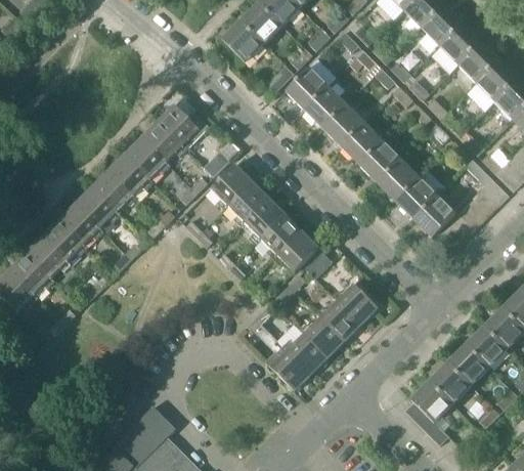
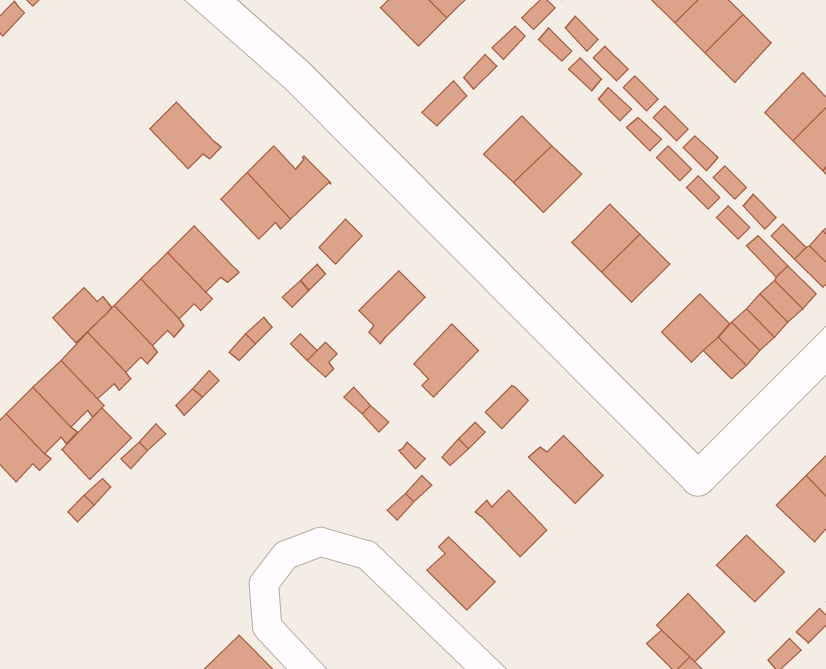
building: [221,19,264,62] -> none
building: [458,41,500,84] -> none
building: [286,68,328,110] -> none
building: [341,122,382,164] -> none
building: [126,137,170,178] -> [150,102,221,169]
building: [210,164,252,210] -> none
building: [395,177,437,219] -> none
building: none -> [53,288,111,343]
building: [244,198,285,243] -> none
building: [273,230,318,271] -> none
building: none -> [62,408,132,480]
building: [315,300,360,341] -> none
building: [466,326,508,367] -> none
building: [282,333,326,373] -> none
building: [430,362,471,403] -> none

